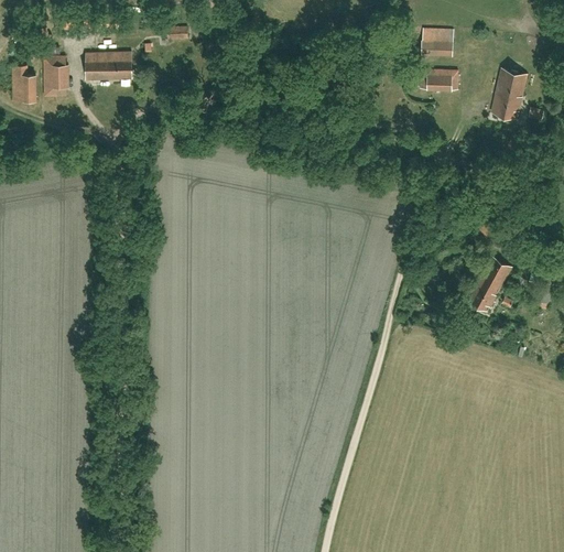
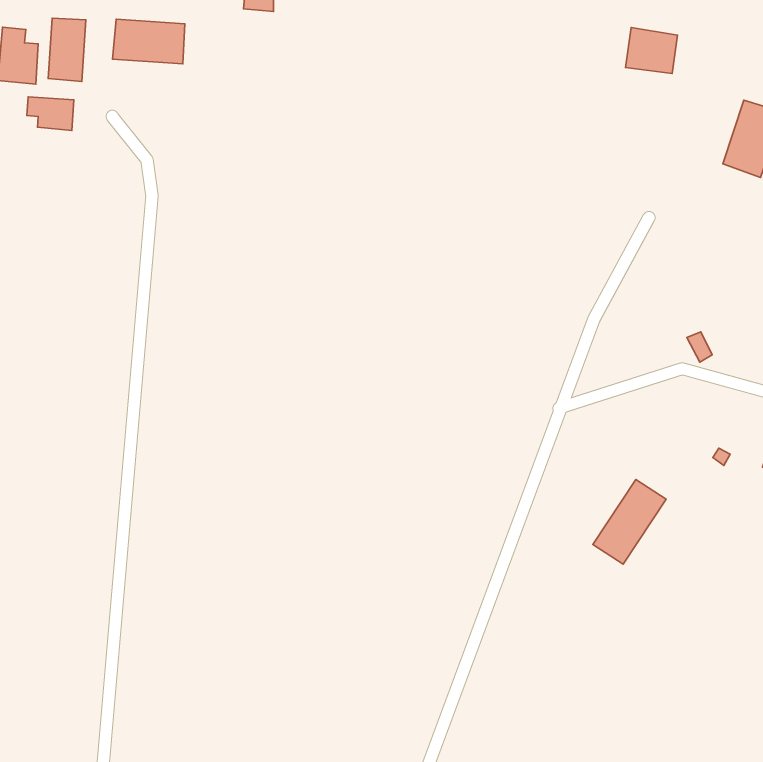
building: [421,71,458,90] -> none
building: none -> [27,97,74,131]
building: [467,257,512,313] -> [593,479,666,564]

